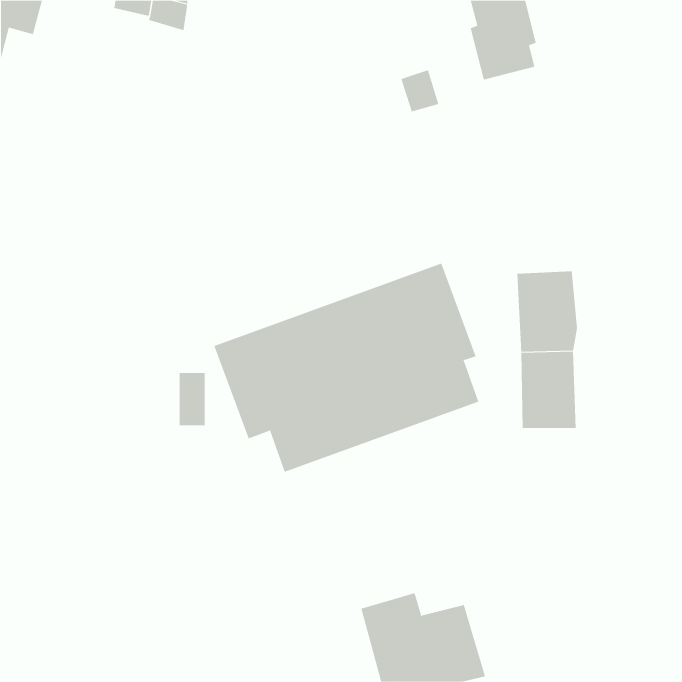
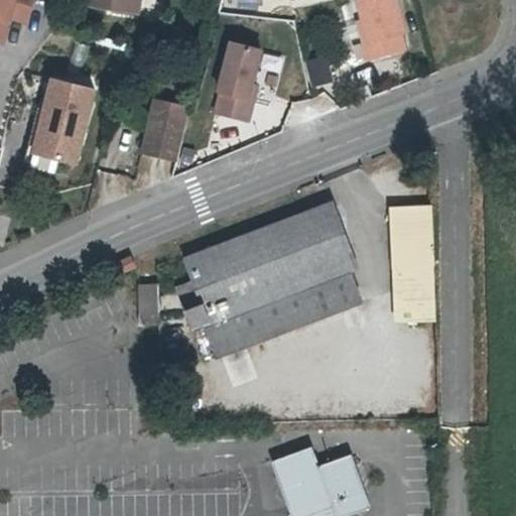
building: none -> [213,42,261,122]
building: none -> [27,78,95,165]
building: none -> [139,98,188,161]

